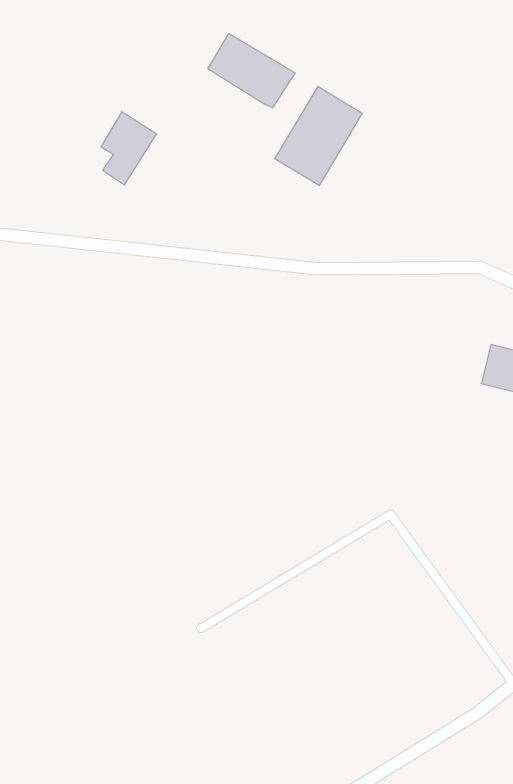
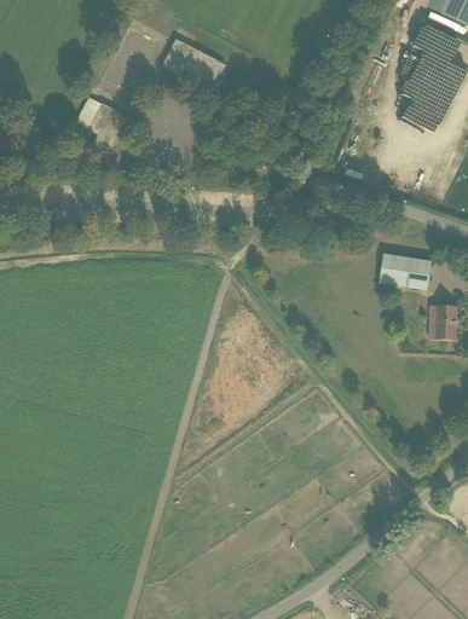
building: [275,86,362,186] -> none

